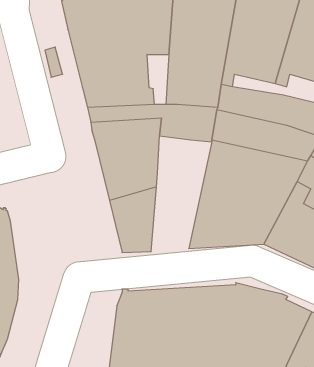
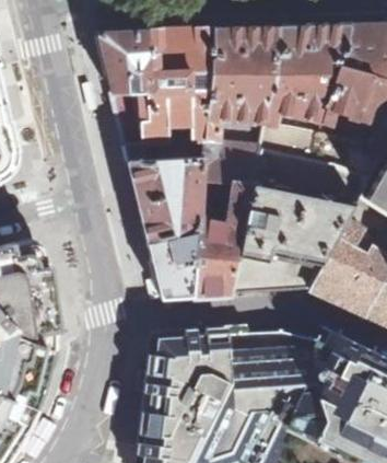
building: none -> [186,90,209,142]
building: none -> [190,180,254,297]

